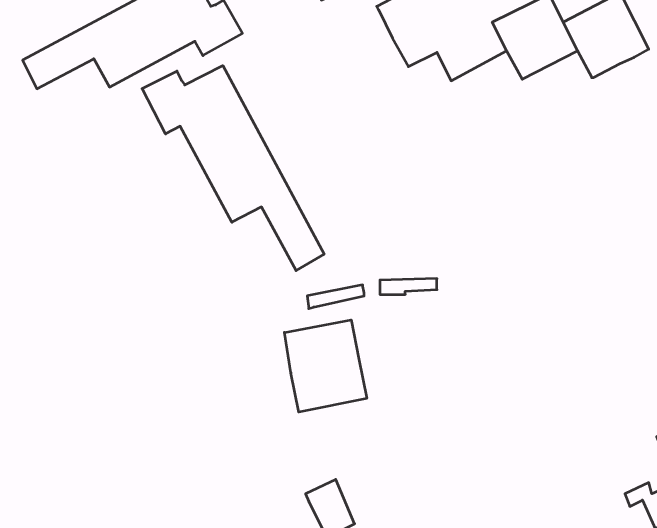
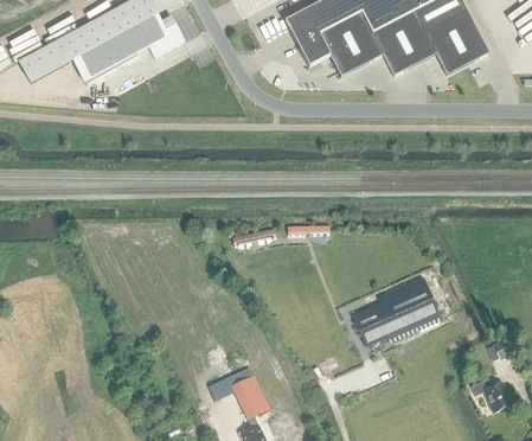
building: [142,66,324,271] -> none
building: [284,320,367,412] -> none
building: none -> [353,276,441,341]

